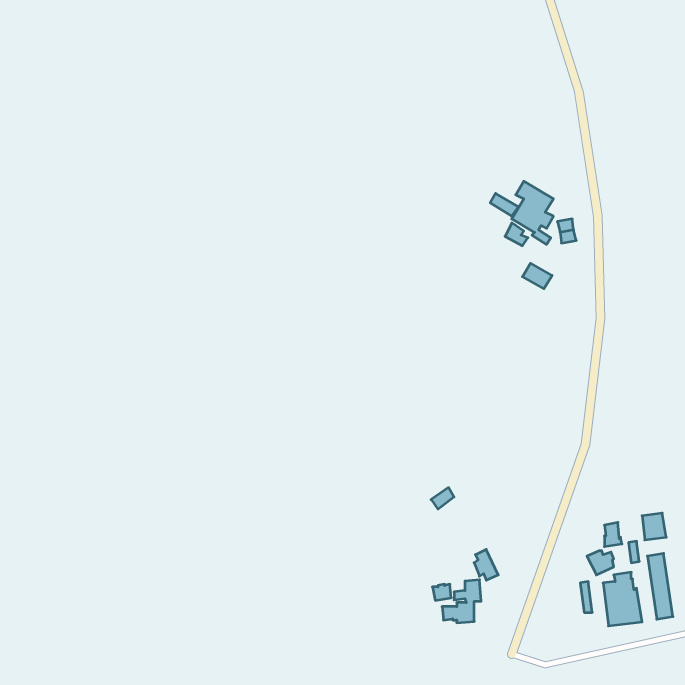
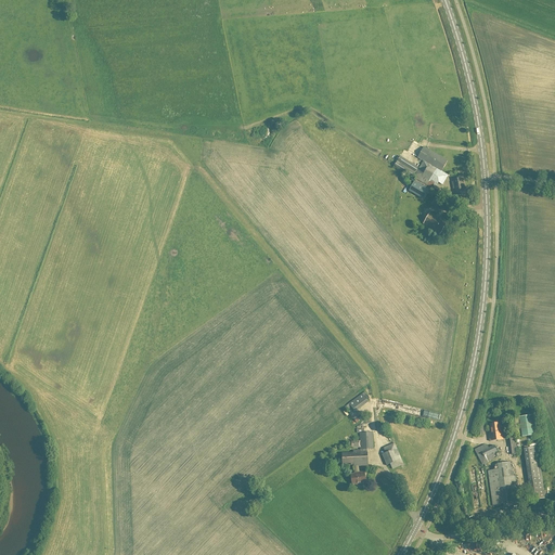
building: [442,580,481,623] -> [340,431,372,466]

